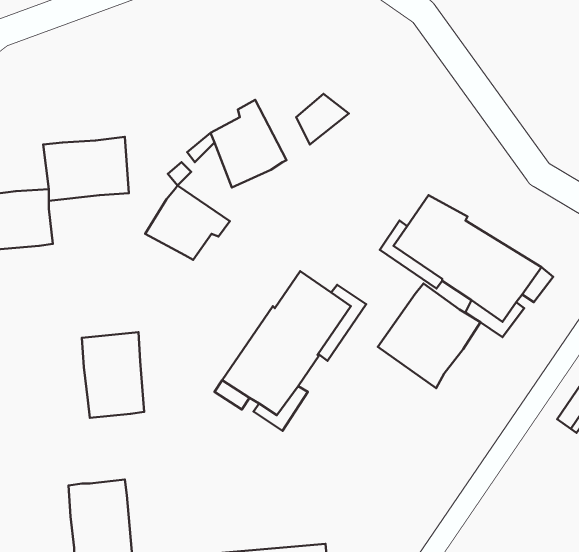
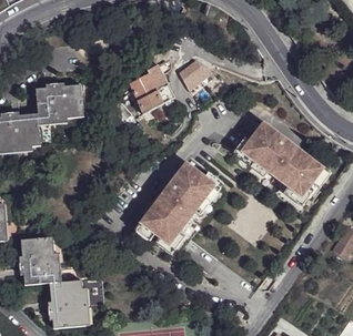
building: [145,185,230,260] -> none
building: [378,284,481,388] -> none
building: [82,332,144,418] -> [22,237,58,286]

